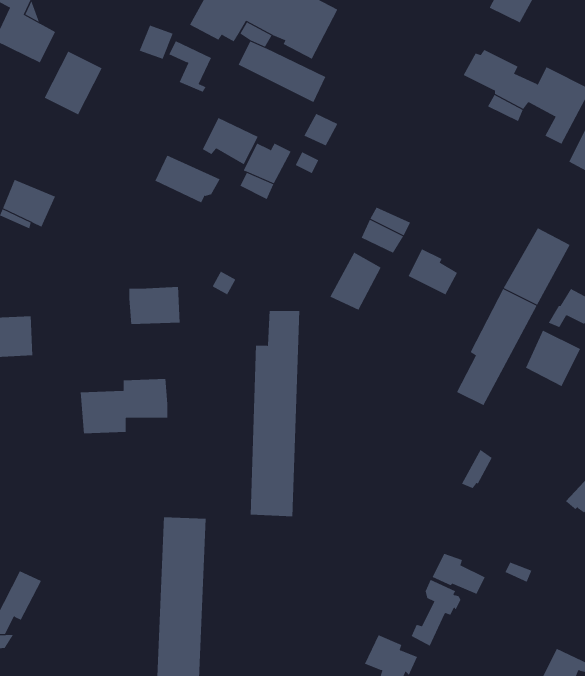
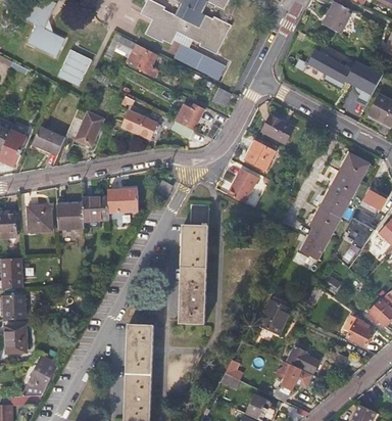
building: [202,117,258,165] -> none
building: none -> [66,105,106,146]
building: [408,249,458,295] -> [261,115,291,143]
building: [80,378,168,434] -> [57,196,109,229]
building: none -> [258,300,291,333]
building: none -> [345,318,372,346]
building: none -> [222,358,243,387]

